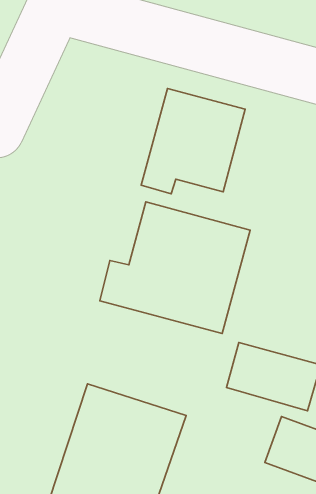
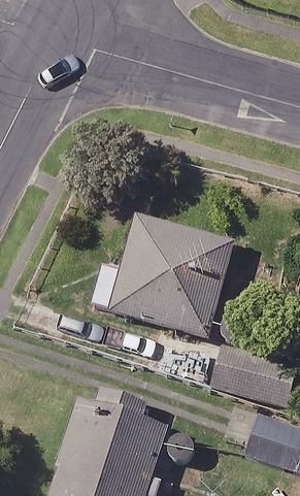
building: [141,88,245,194] -> none

